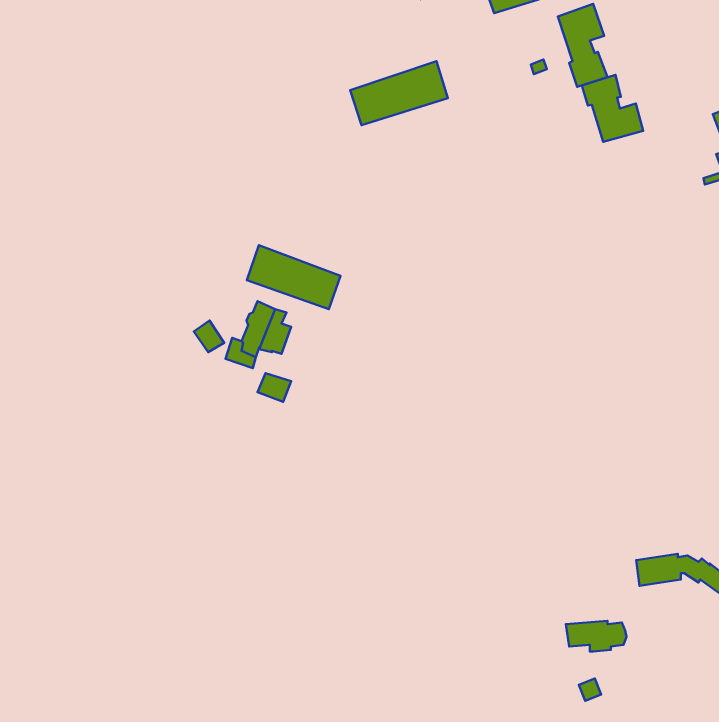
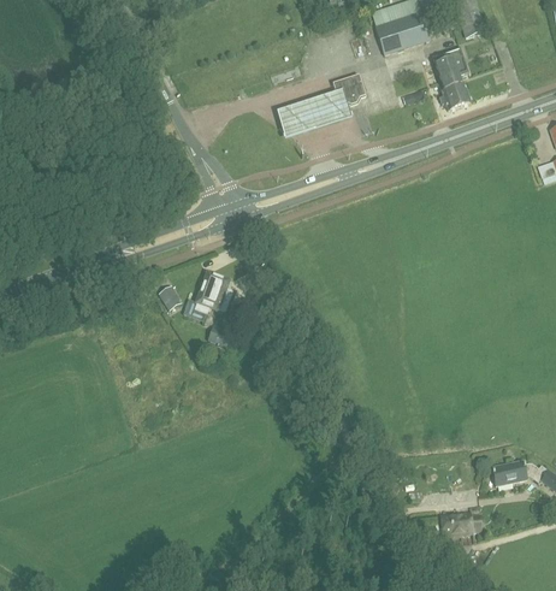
building: none -> [331,72,365,104]
building: [582,75,643,142] -> none
building: [247,245,341,309] -> none

